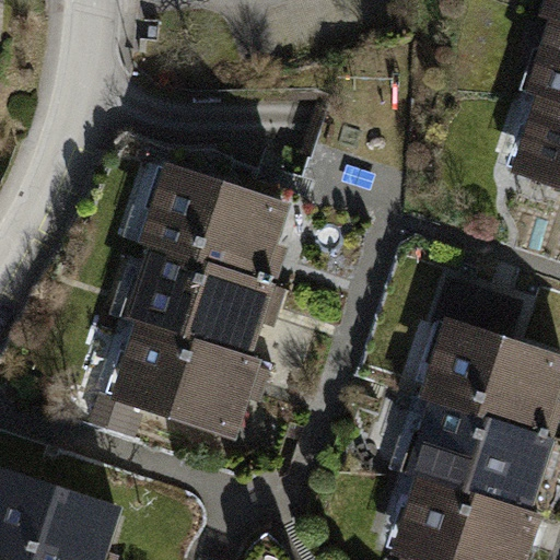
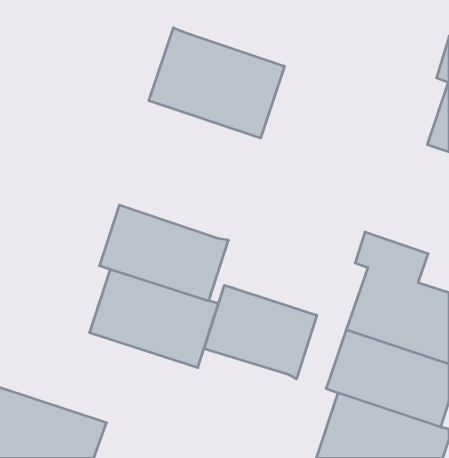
building: none -> [149,28,284,138]
building: [135,166,291,289] -> none
building: none -> [204,285,317,379]

